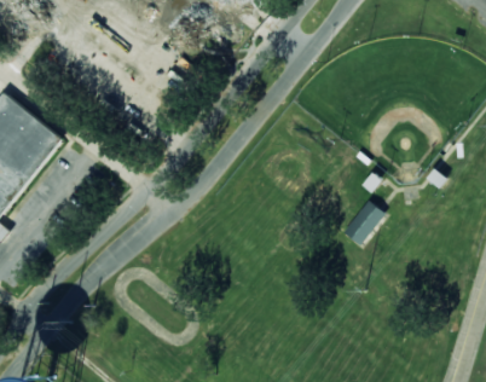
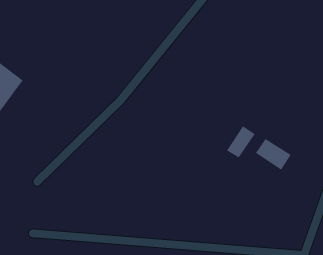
building: none -> [255,138,291,170]

